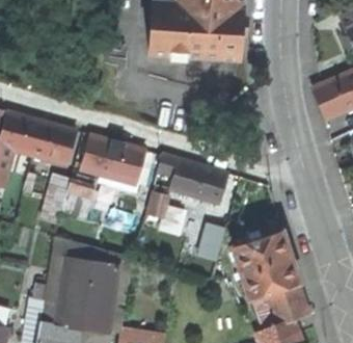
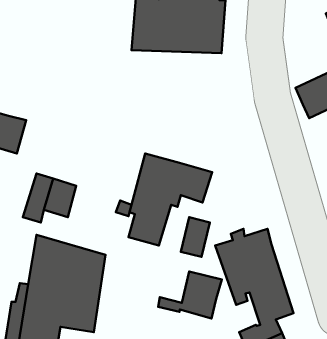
building: [34,122,77,164] -> none
building: [81,135,146,185] -> none
building: none -> [158,272,222,318]

